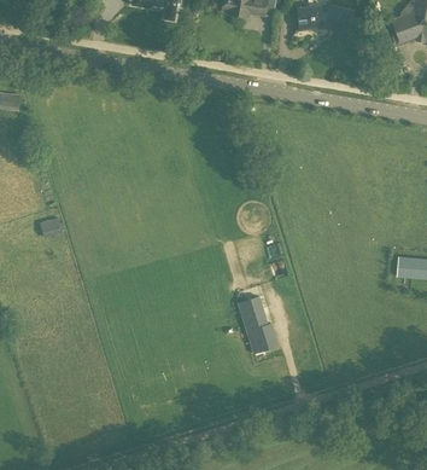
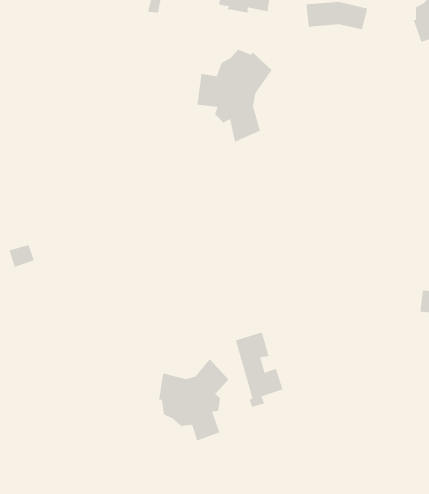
building: none -> [196,49,272,143]
building: none -> [158,358,229,442]

